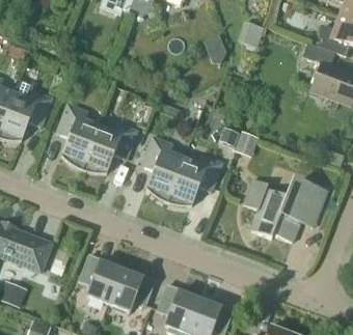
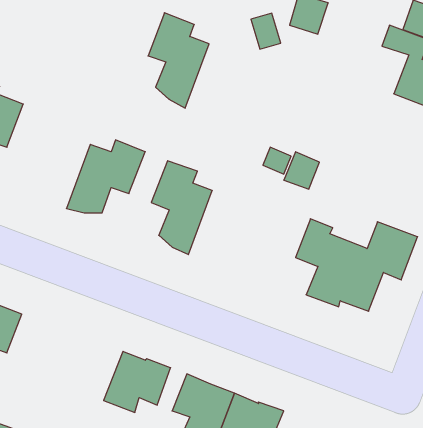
building: [56,103,99,169] -> [148,13,209,108]
building: [167,155,222,205] -> none
building: [78,255,121,303] -> none

